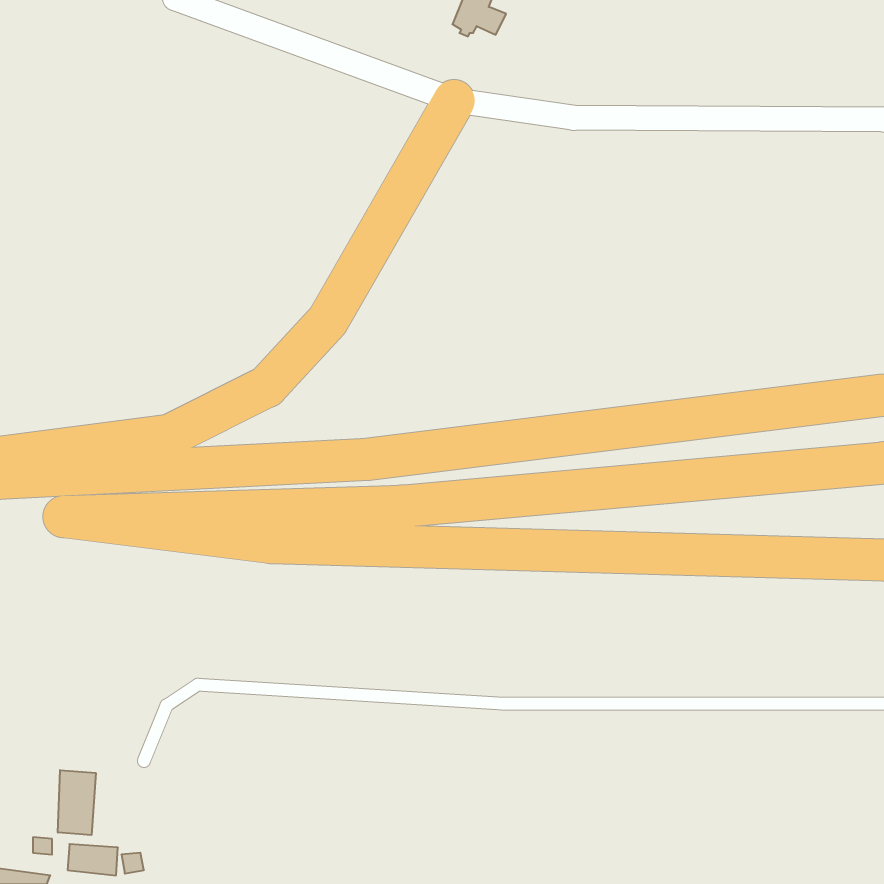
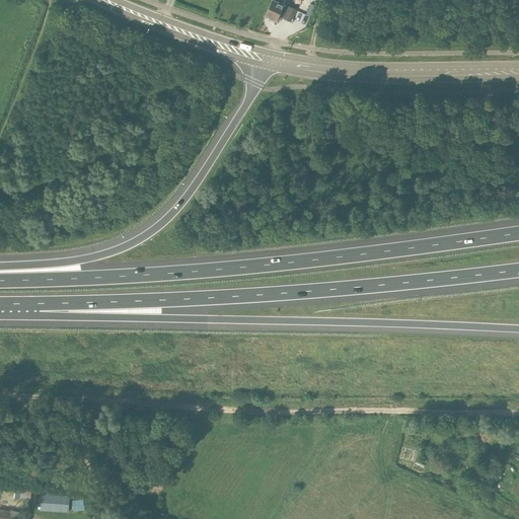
building: [58,770,96,835] -> none

